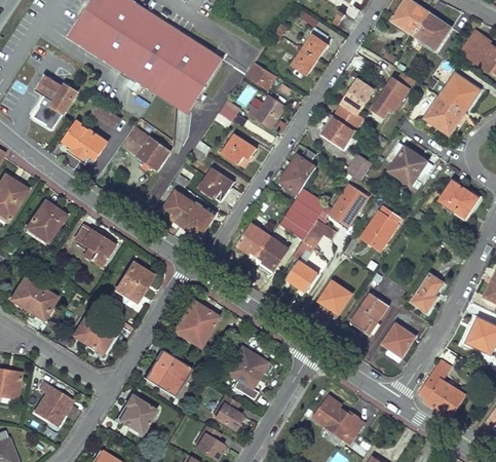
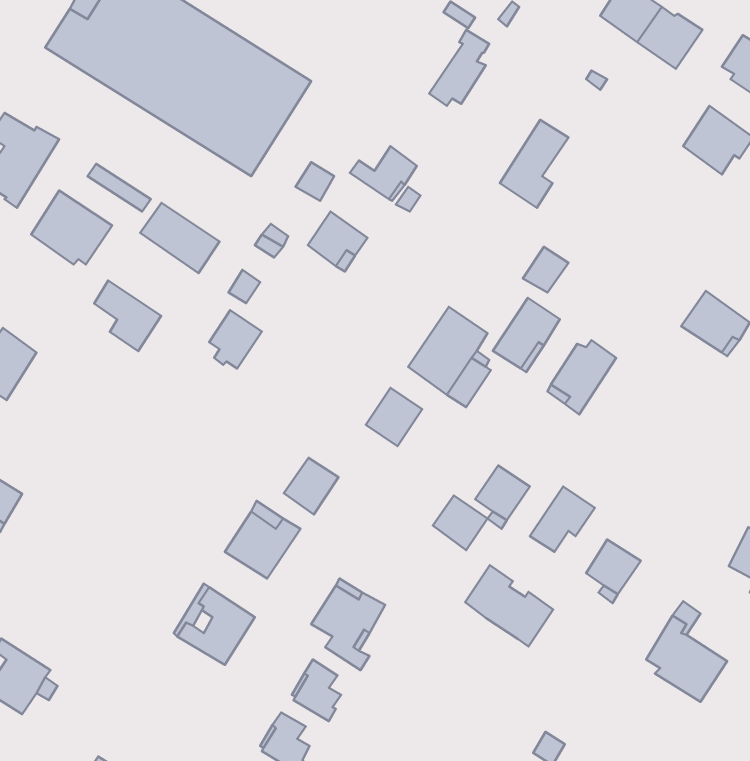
building: [246,62,276,88] -> none
building: [374,72,417,117] -> none
building: [425,95,463,137] -> none
building: [322,117,355,149] -> none
building: [389,143,433,185] -> none
building: [282,157,316,194] -> none
building: [199,167,234,198] -> none
building: [181,203,215,236] -> none
building: [238,225,270,258] -> [284,458,338,514]
building: [74,226,113,267] -> [94,281,161,351]
building: [287,261,318,293] -> [433,495,487,550]
building: [116,265,151,302] -> none
building: [412,274,444,313] -> none
building: [73,315,114,354] -> none
building: [119,395,155,434] -> none
building: [313,396,365,444] -> [465,565,553,646]

